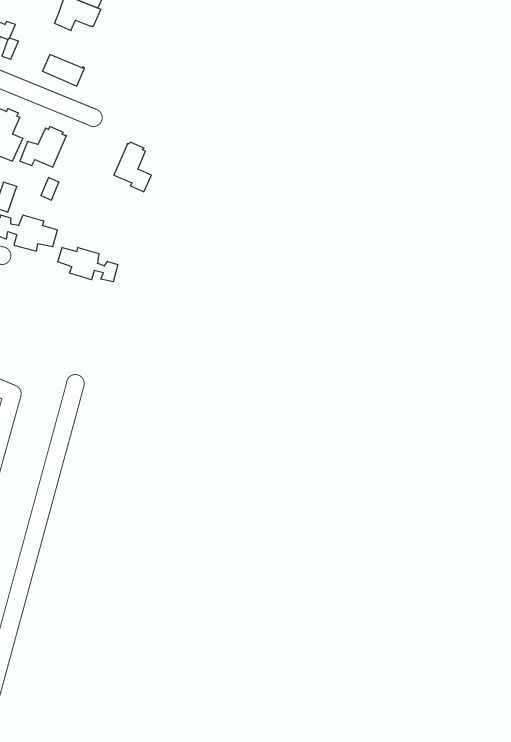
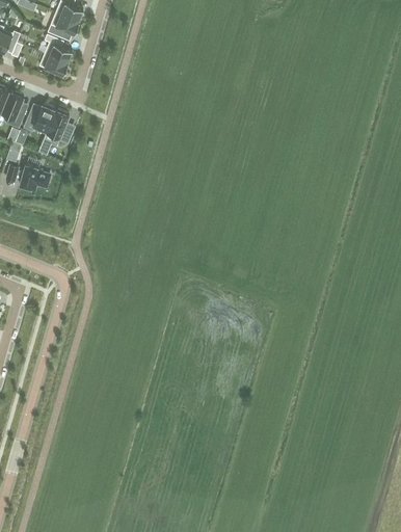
building: none -> [45,34,72,63]
building: [114,142,151,192] -> [47,109,73,143]
building: [58,247,118,282] -> none

